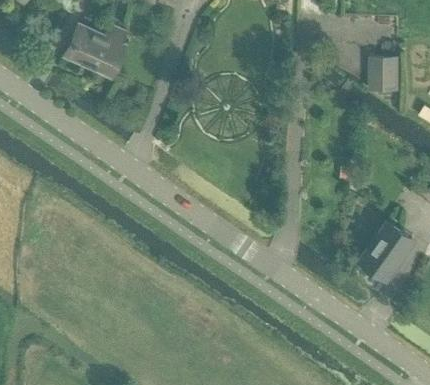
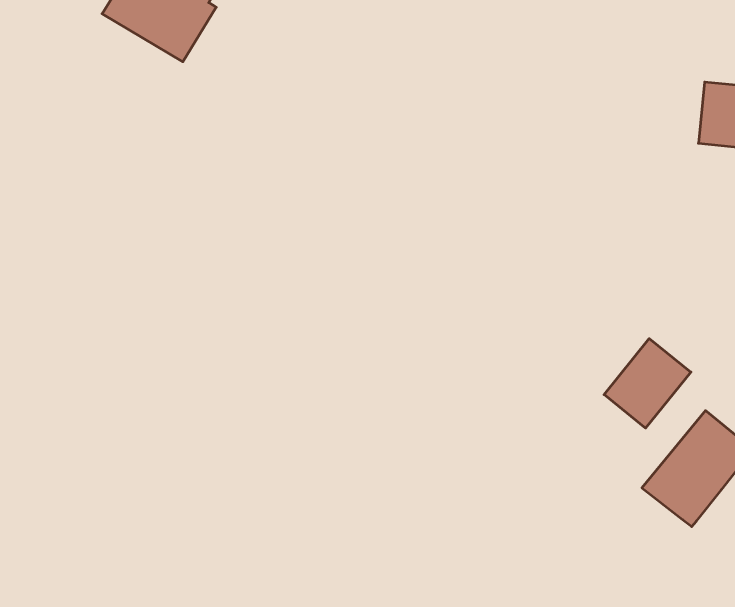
building: none -> [604,339,691,428]

